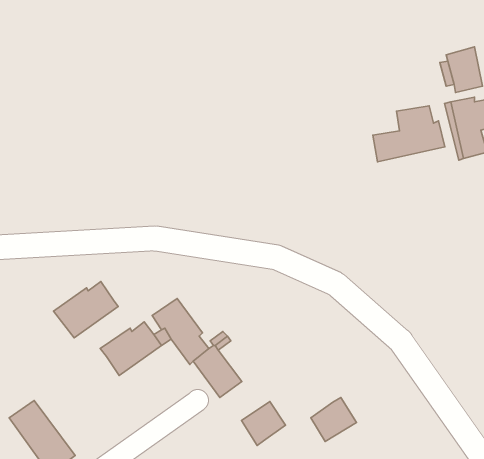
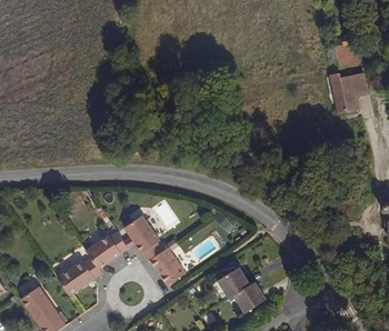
building: [373,106,445,162] -> none
building: [54,281,118,338] -> [56,254,101,294]
building: [241,401,286,445] -> [218,270,249,301]

